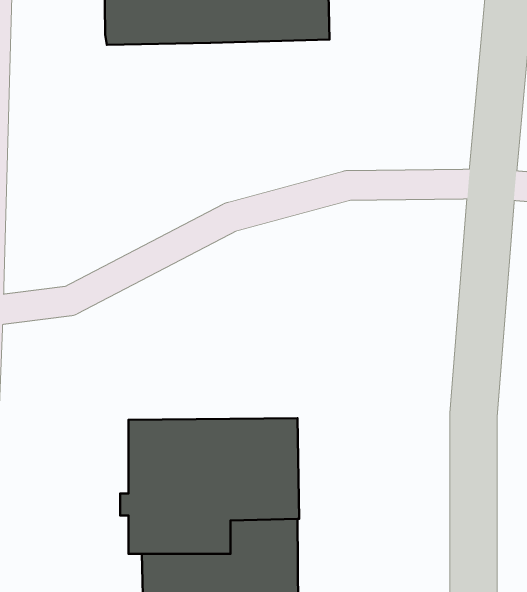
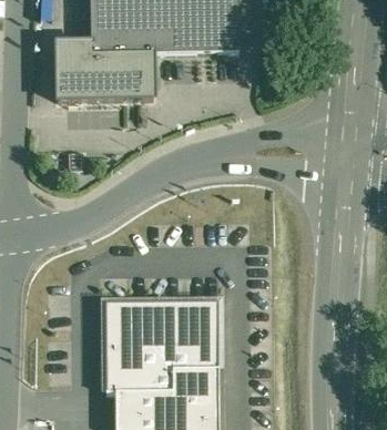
building: none -> [58,47,163,106]

